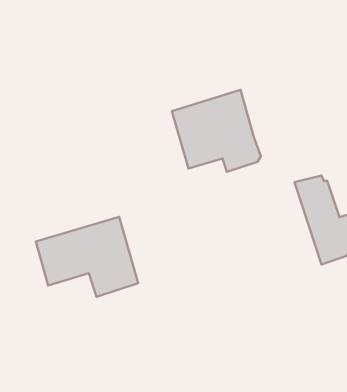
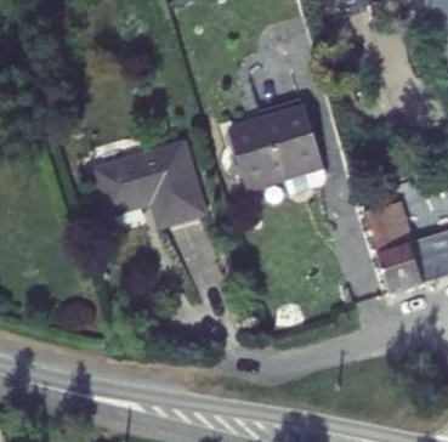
building: [36,217,138,297] -> [93,141,204,227]

